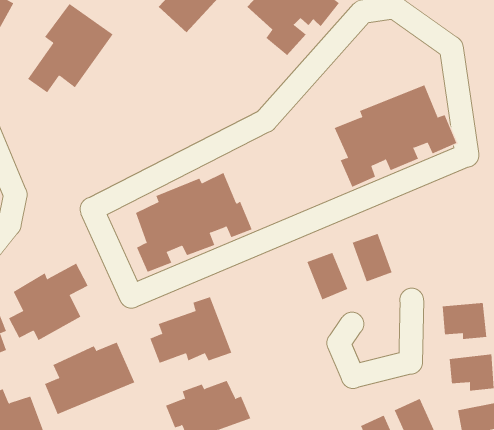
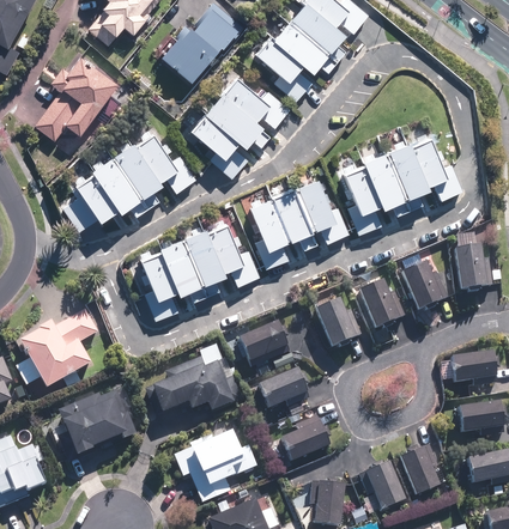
building: none -> [192,74,289,180]
building: none -> [60,126,196,231]
building: none -> [249,177,349,270]
building: none -> [454,239,490,290]
building: none -> [398,255,443,311]
building: none -> [235,321,286,361]
building: none -> [256,369,304,407]
building: none -> [278,414,327,462]

